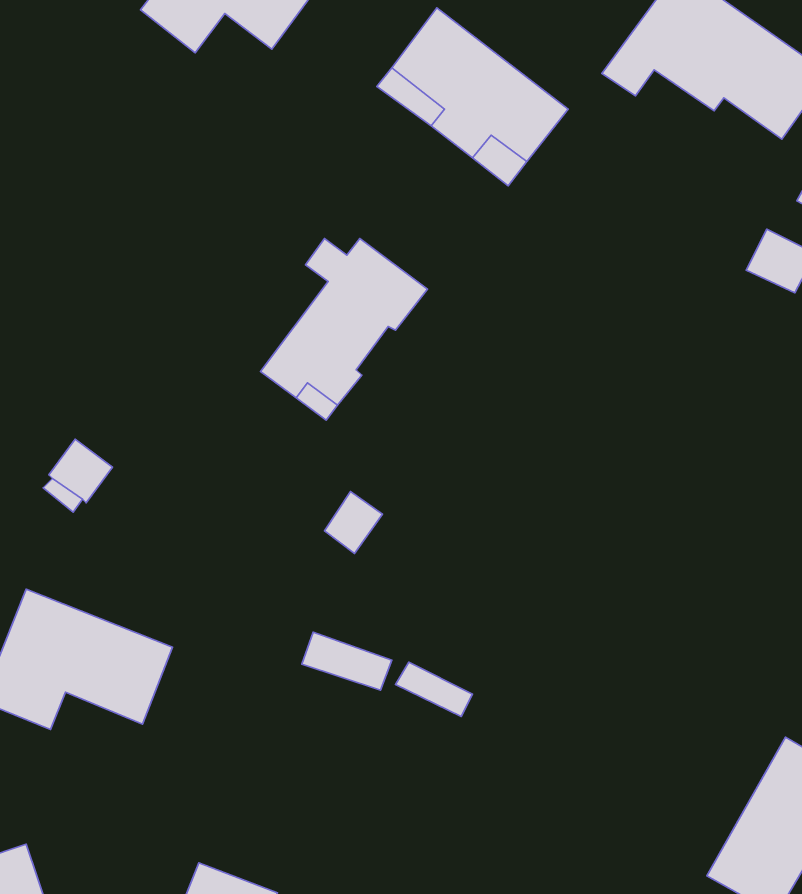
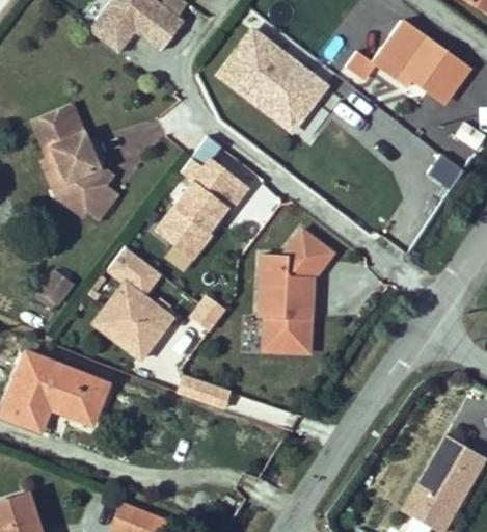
building: none -> [32,102,120,220]
building: none -> [259,227,336,354]
building: none -> [93,246,172,363]

